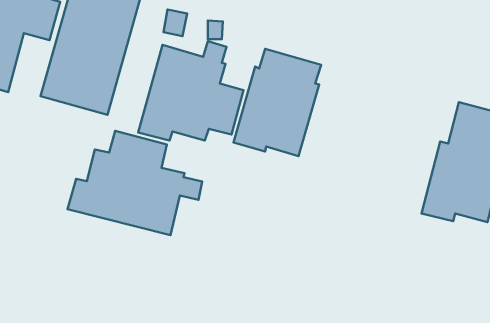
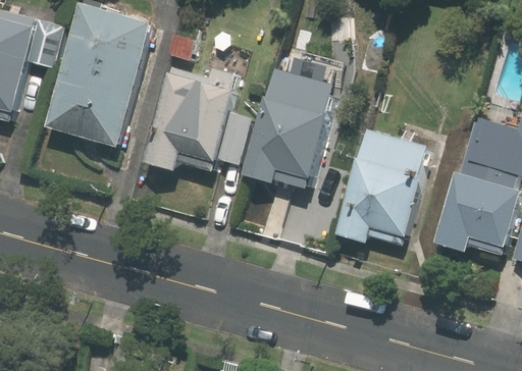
building: none -> [335,127,427,245]
building: [67,131,202,235] -> none

